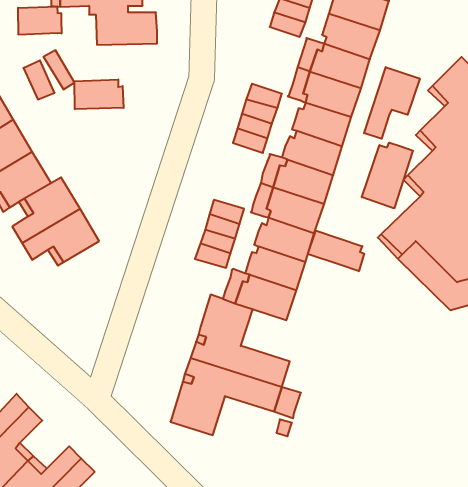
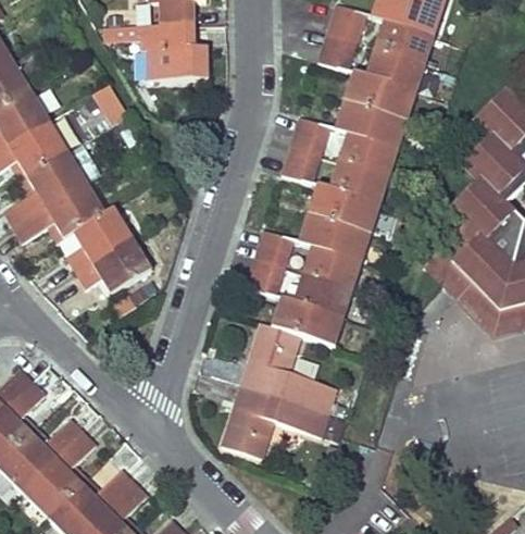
building: [18,6,61,35] -> none
building: [364,67,420,139] -> none
building: [75,79,124,109] -> none
building: [362,143,413,208] -> none
building: [308,230,364,271] -> none

